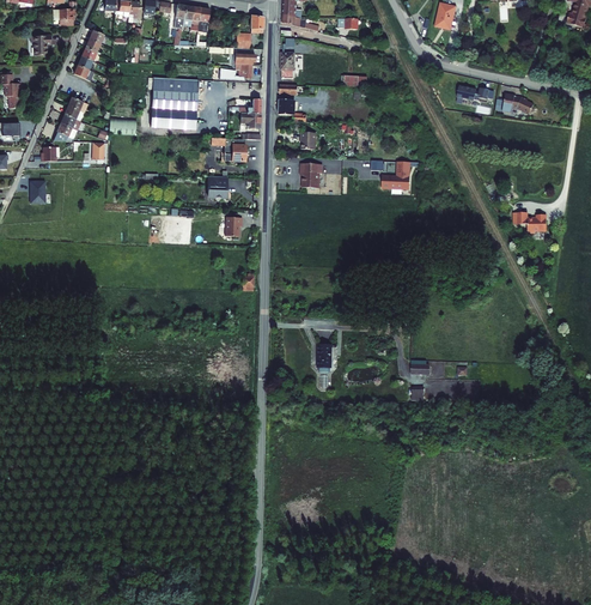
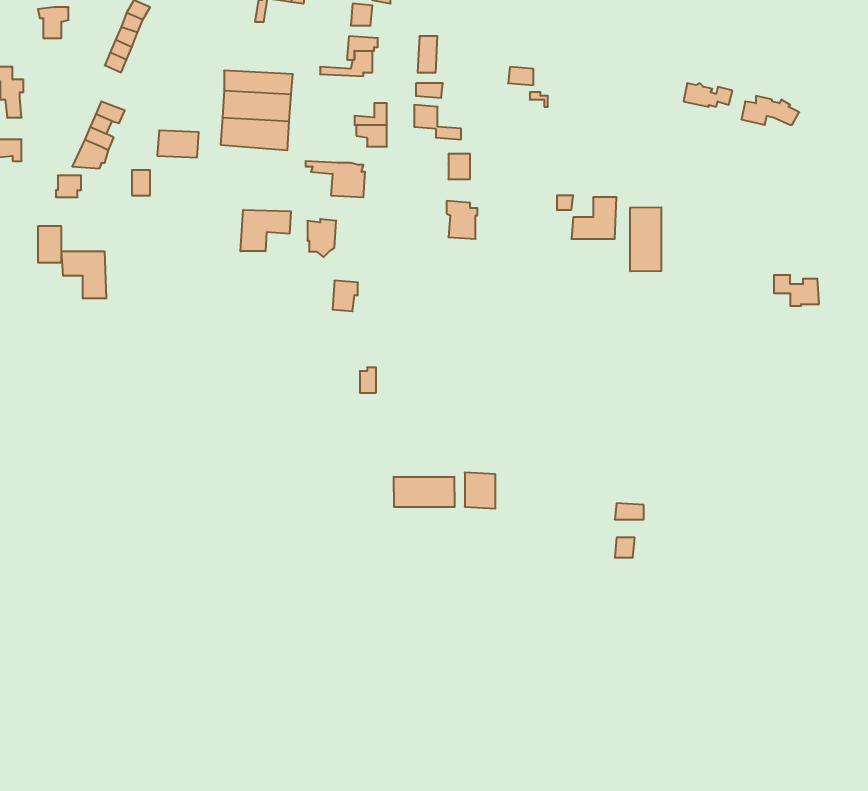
building: none -> [630,207,661,271]
building: none -> [240,210,291,251]
building: none -> [61,251,106,299]
building: none -> [394,477,455,507]

